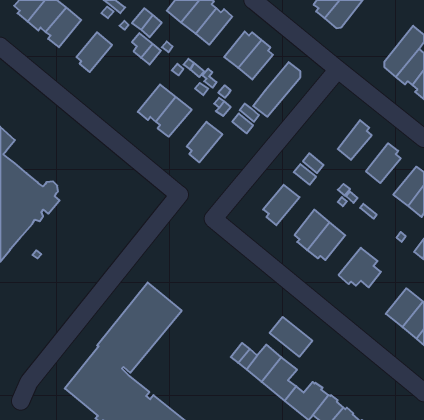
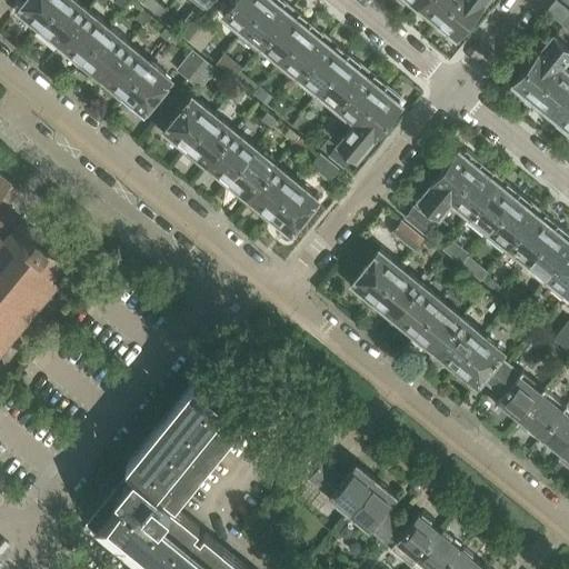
building: none -> [280,27,328,81]
building: none -> [79,31,130,81]
building: none -> [120,64,172,116]
building: none -> [338,78,387,126]
building: none -> [166,100,214,154]
building: none -> [226,151,277,201]
building: none -> [420,153,482,219]
building: none -> [267,184,319,236]
building: none -> [470,186,520,234]
building: none -> [509,217,558,266]
building: none -> [370,269,421,320]
building: none -> [436,320,483,373]
building: none -> [493,369,545,426]
building: [270,317,312,357] -> none

